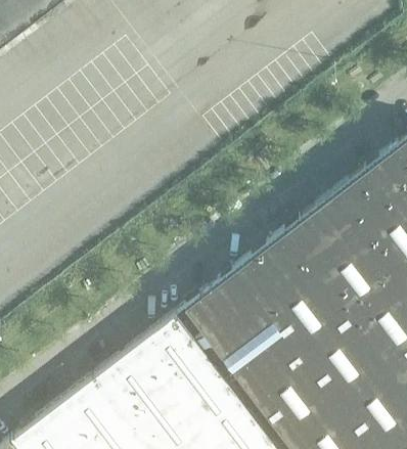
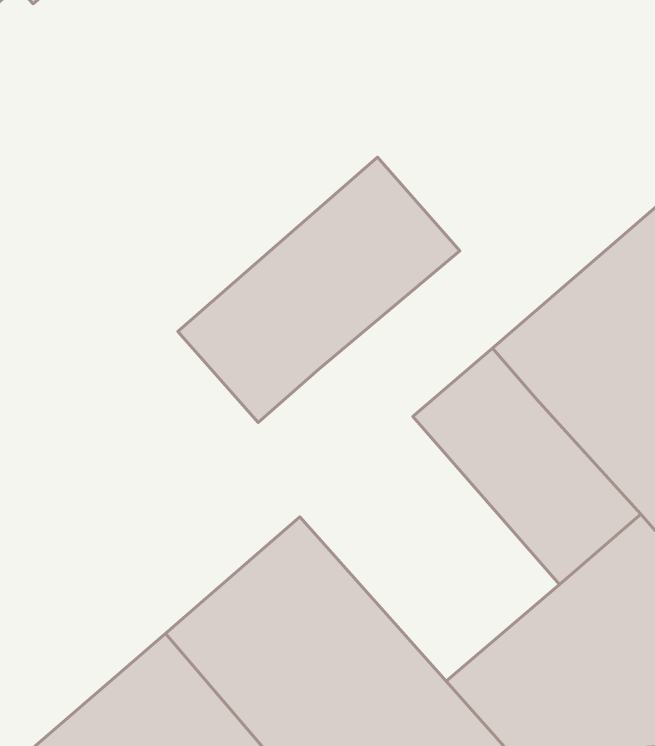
building: none -> [178,157,460,423]
building: [184,259,324,405] -> none

